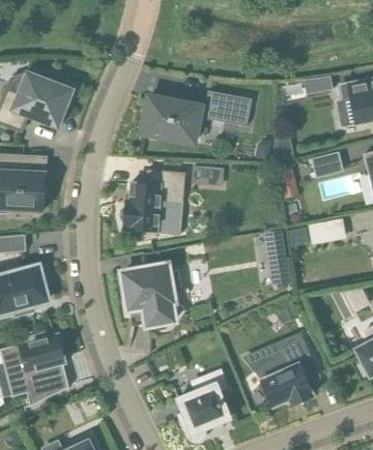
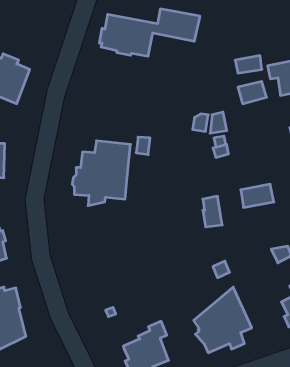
building: [139,90,252,143] -> [99,9,200,56]
building: [311,152,343,177] -> [238,82,267,104]
building: [121,264,181,329] -> none

